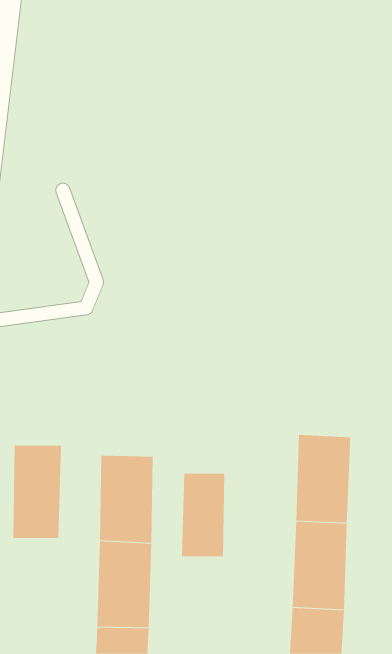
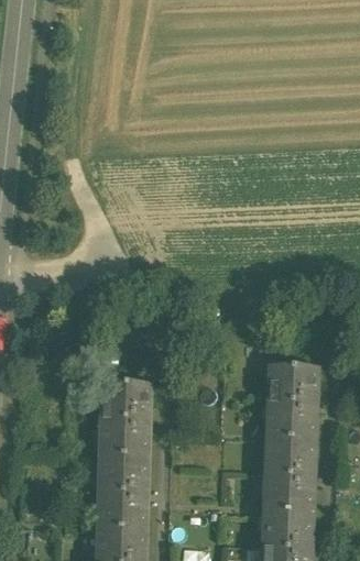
building: [13,445,61,539] -> none
building: [182,473,225,557] -> none

